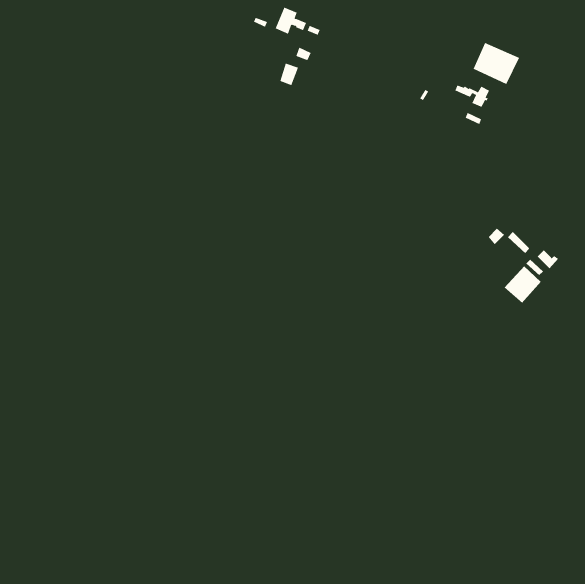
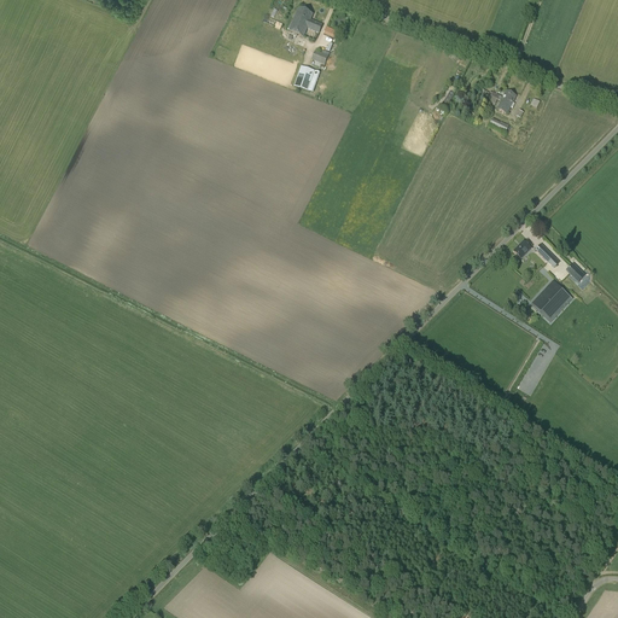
building: [473,42,520,85] -> none

